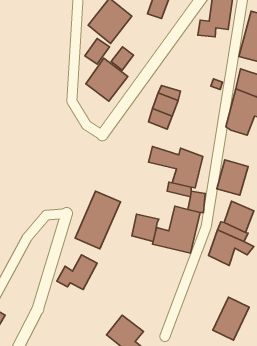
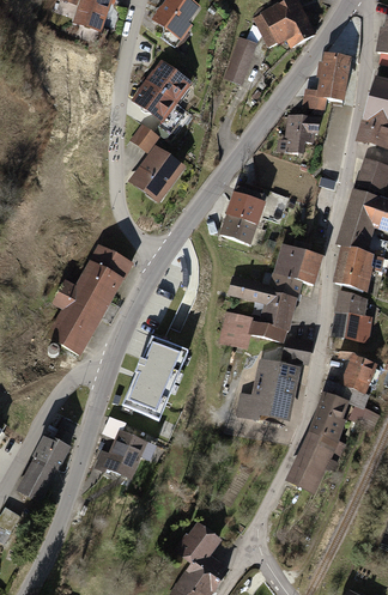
building: none -> [271,114,313,151]
building: [111,47,134,70] -> none
building: none -> [271,242,322,287]
building: none -> [47,245,132,362]
building: none -> [332,247,376,293]
building: [132,214,159,242] -> [217,310,256,350]
building: none -> [13,437,65,503]
building: [213,297,249,340] -> [289,429,341,491]

